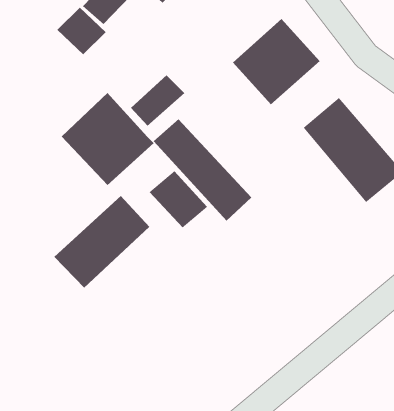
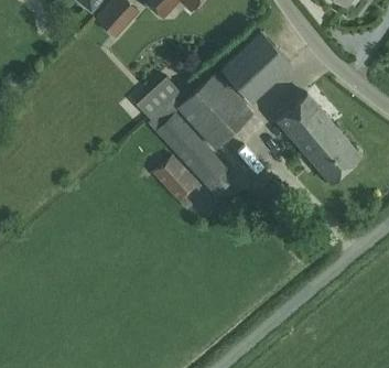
building: [56,7,106,55] -> none
building: [61,92,155,186] -> [176,74,253,151]
building: [54,195,150,289] -> none

